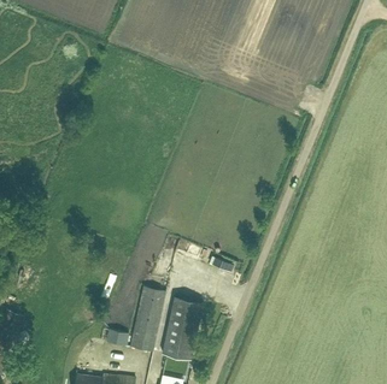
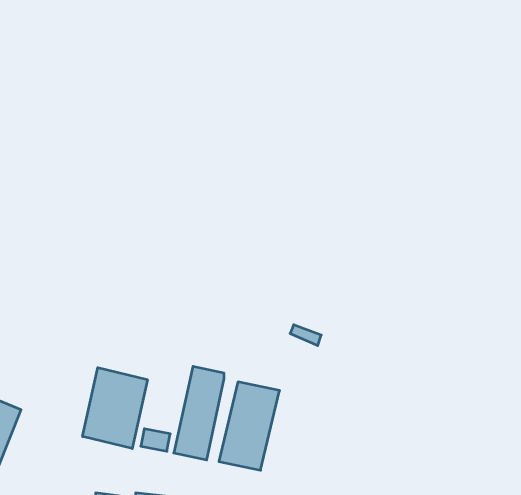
building: none -> [83,368,147,449]

